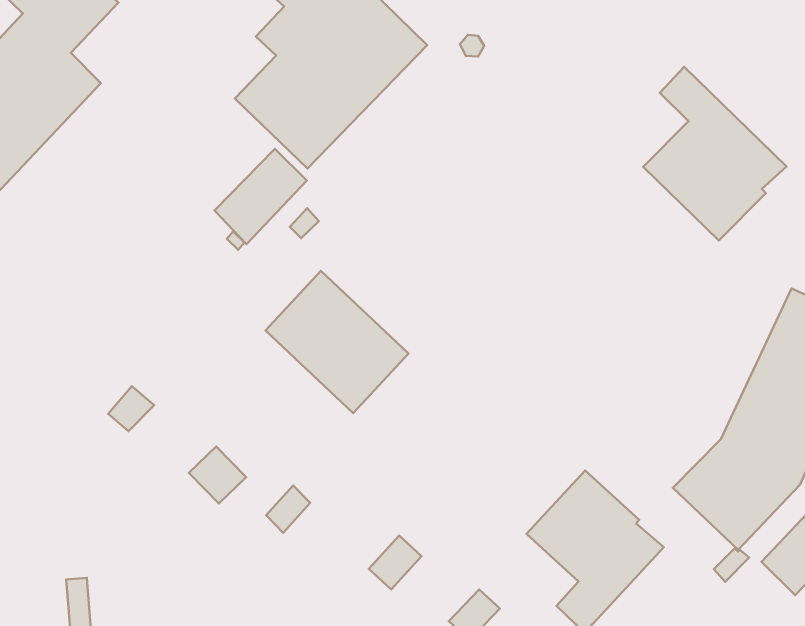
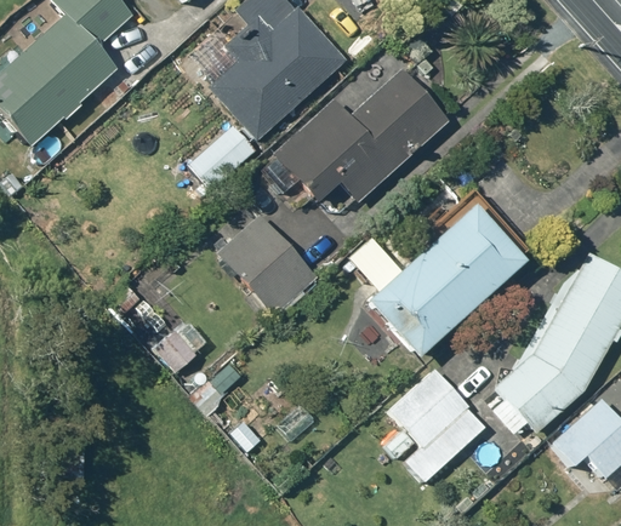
building: none -> [274,68,449,201]
building: [643,67,786,240] -> none
building: none -> [370,207,529,358]

